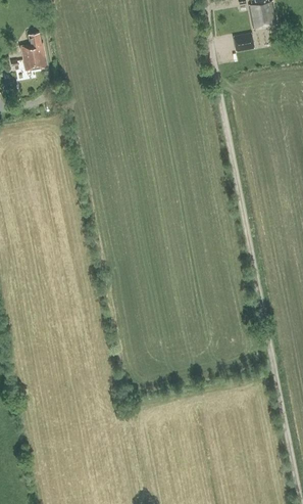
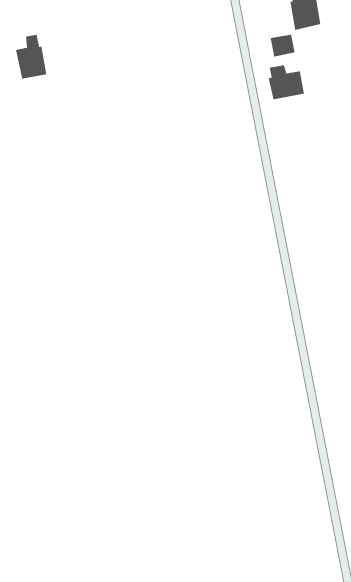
building: none -> [268,65,304,100]

